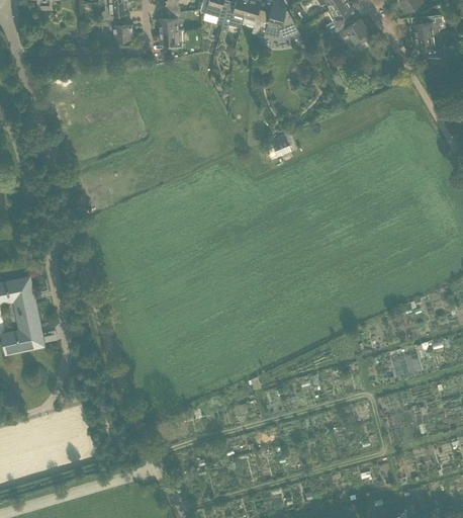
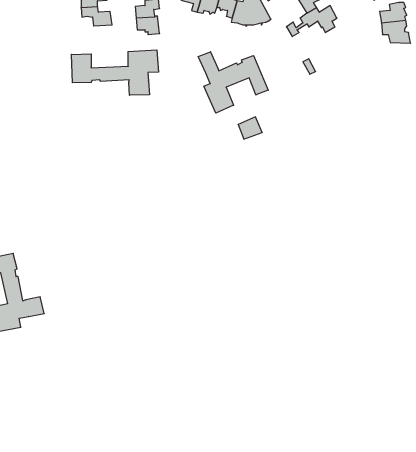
building: none -> [71,50,158,95]
building: none -> [198,52,268,113]

